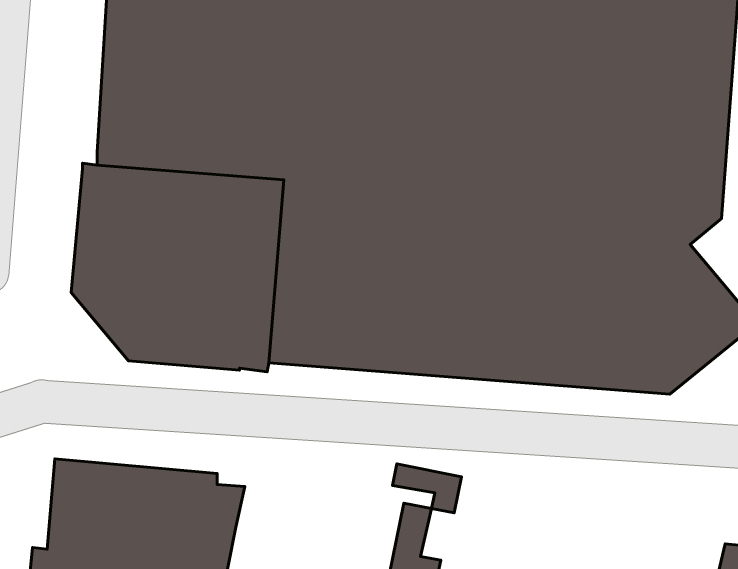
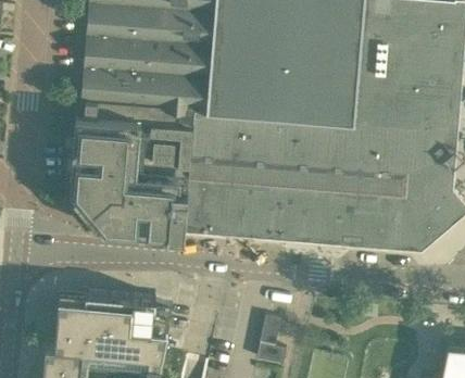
building: [392,464,461,513] -> none

